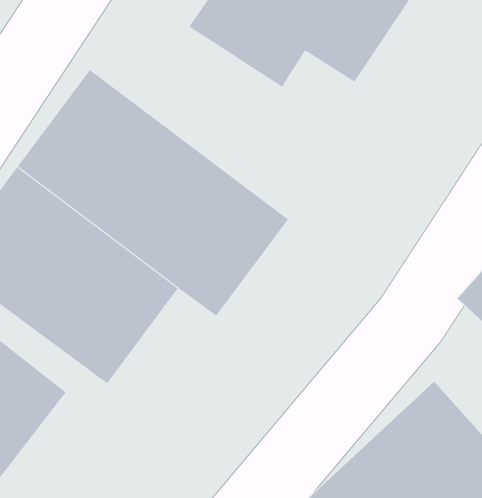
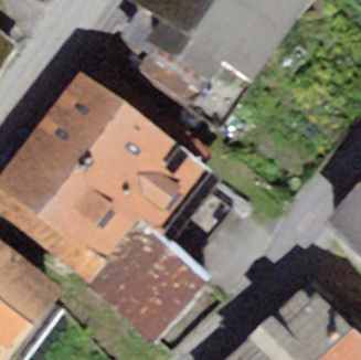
building: none -> [91,219,210,342]

